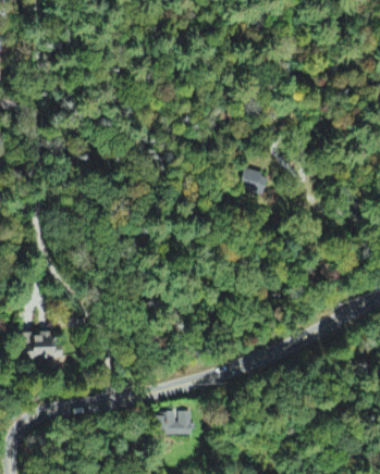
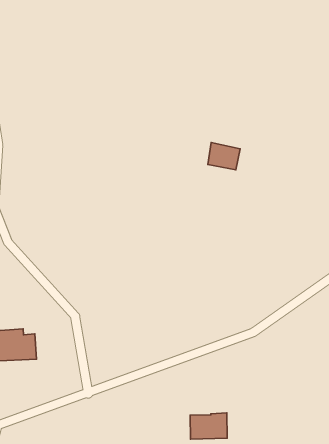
building: [158,411,194,435] -> [190,413,227,439]

